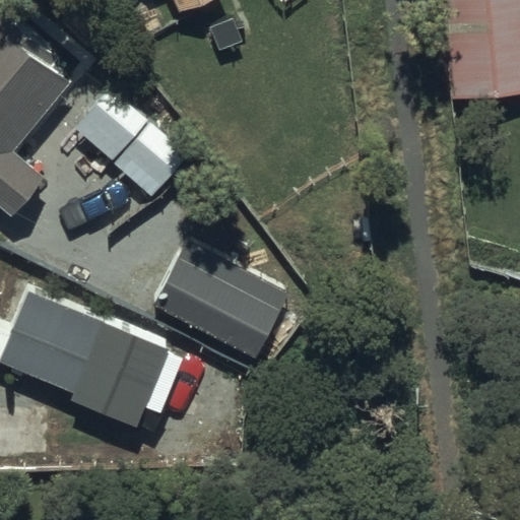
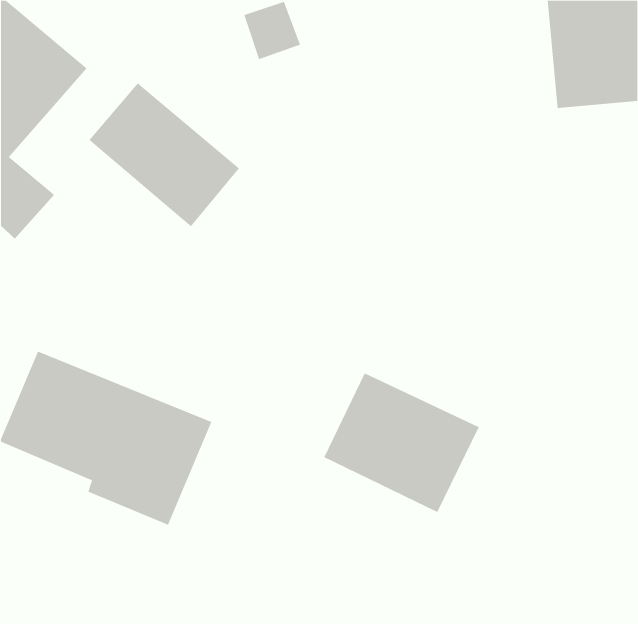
building: [156,241,286,355] -> none
building: none -> [324,373,479,513]

